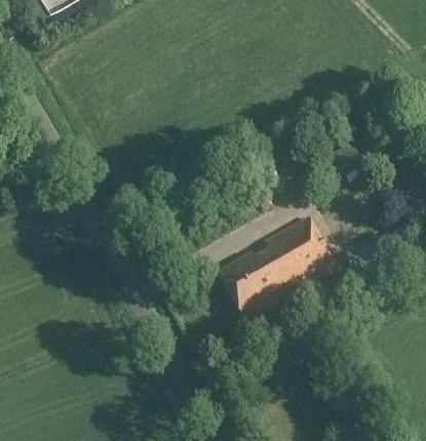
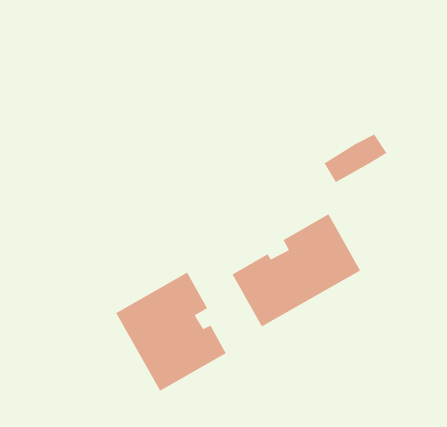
building: none -> [115,272,227,392]

